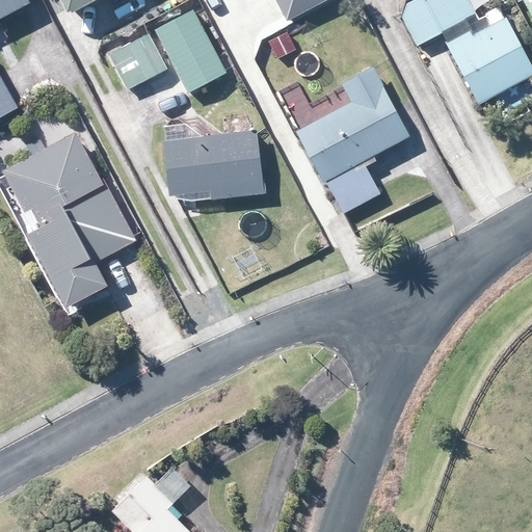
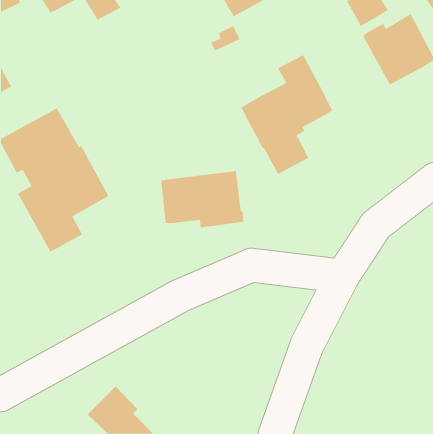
building: [155,8,225,91] -> none
building: [109,32,167,87] -> none
building: [163,129,265,198] -> [161,171,244,228]

